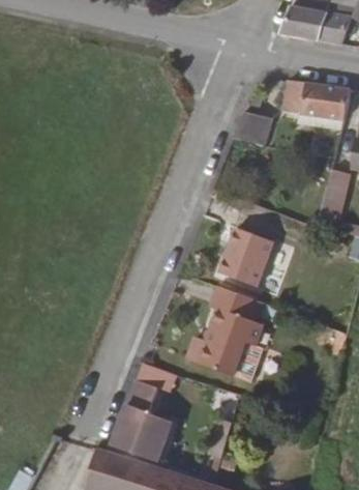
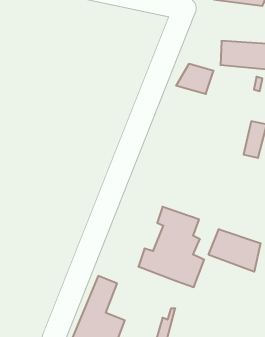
building: [219,227,273,286] -> none
building: none -> [209,229,261,272]

